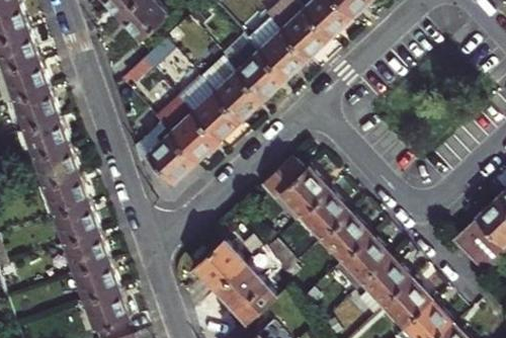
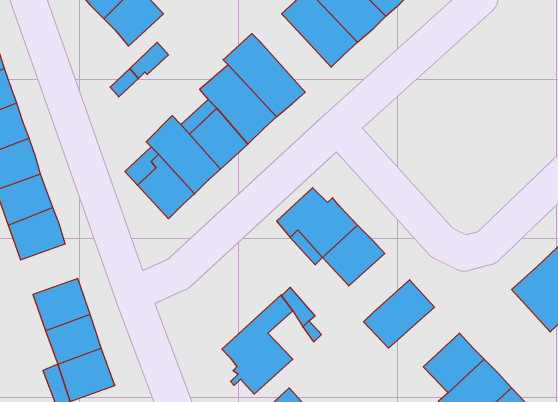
building: [248,19,306,80] -> none
building: [53,203,99,245] -> none
building: [320,212,369,259] -> none
building: [187,242,243,289] -> none
building: [352,255,410,311] -> none

